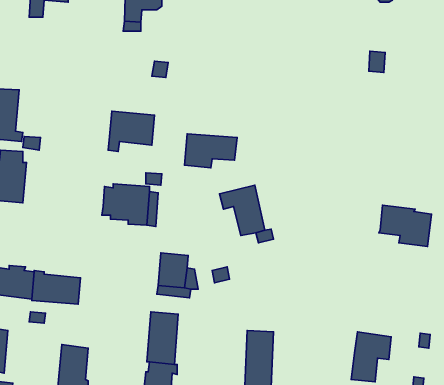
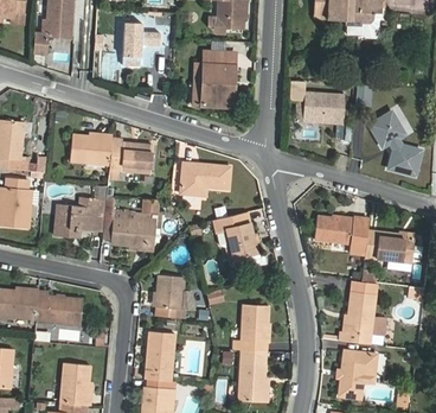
building: none -> [193,51,233,107]
building: none -> [303,93,344,121]
building: none -> [368,112,421,176]
building: none -> [69,134,111,165]
building: none -> [54,197,105,236]
building: none -> [314,216,368,254]
building: none -> [339,291,376,344]
building: none -> [233,304,268,350]

